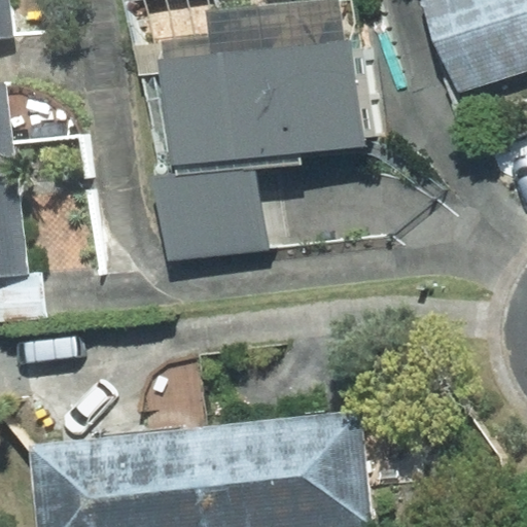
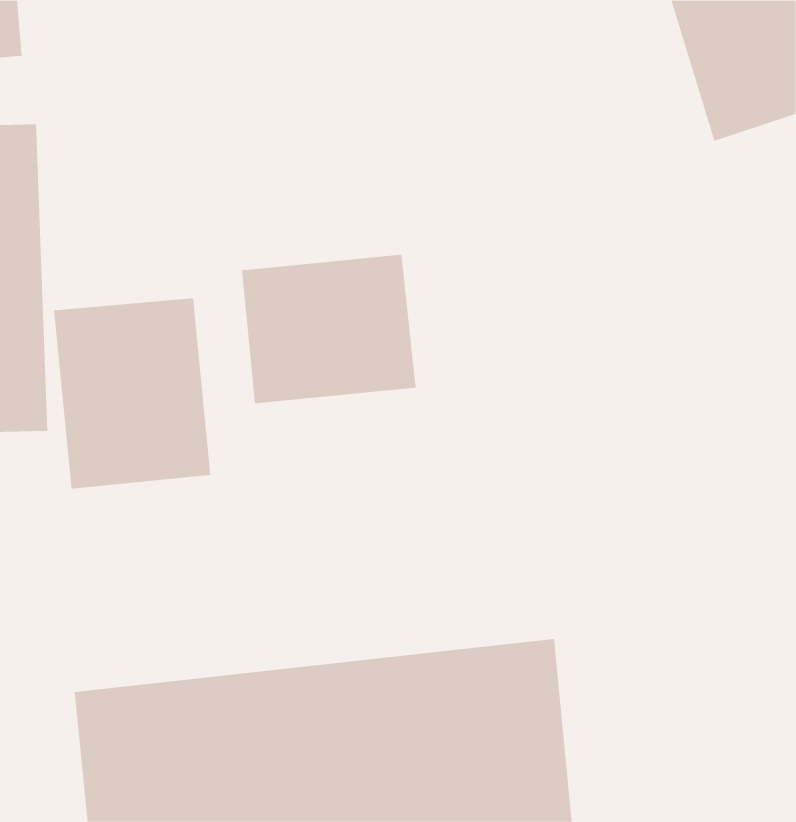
building: [169,41,368,162] -> none
building: none -> [53,297,211,490]

